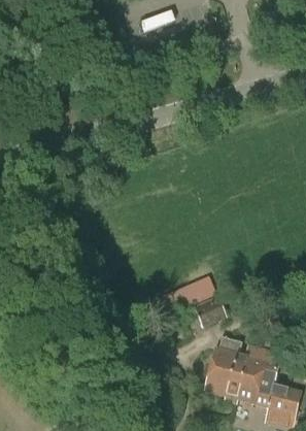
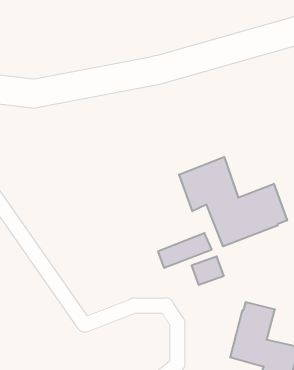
building: none -> [179,157,287,246]
building: [204,337,247,400] -> none

